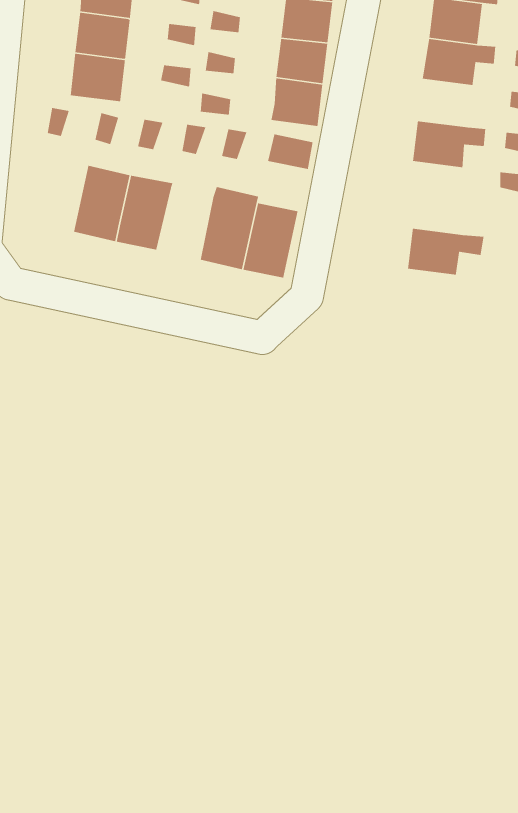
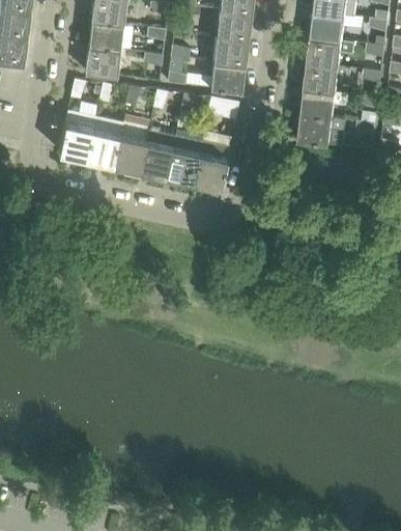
building: none -> [303,62,349,92]
building: none -> [57,110,95,159]
building: none -> [139,131,174,176]
building: [407,228,485,276] -> [296,114,345,144]

